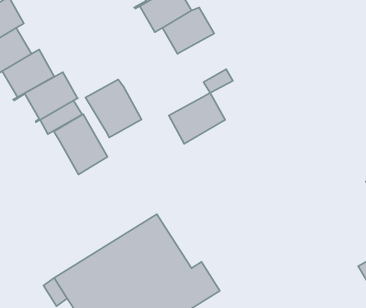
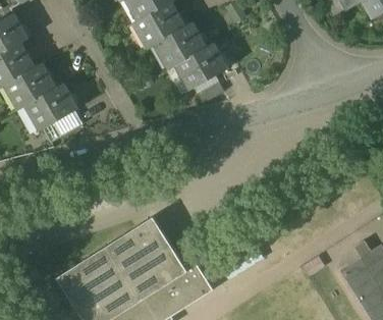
building: [86,79,142,138] -> none
building: [169,93,225,144] -> [173,44,226,92]
building: [54,114,107,175] -> none

